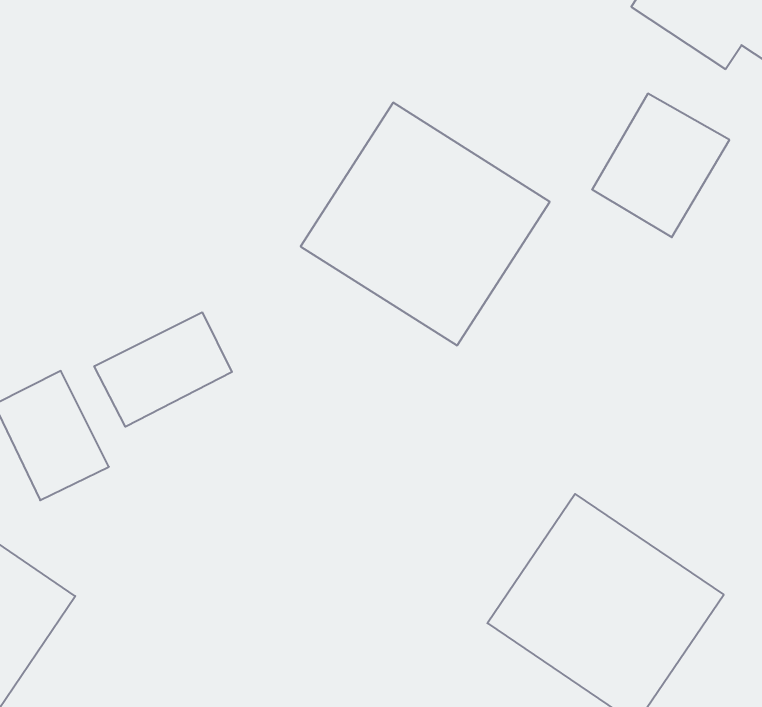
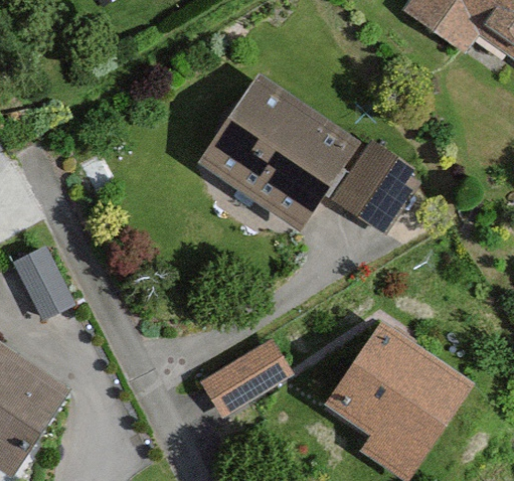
building: [592,94,729,237] -> [338,142,424,232]
building: [94,312,232,427] -> none
building: none -> [207,337,297,413]

